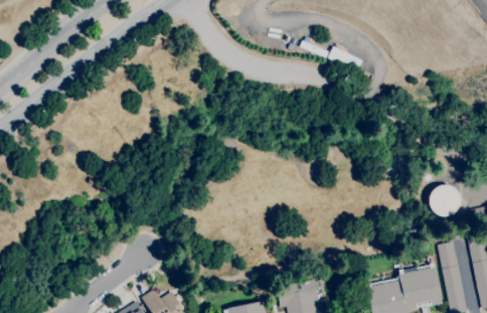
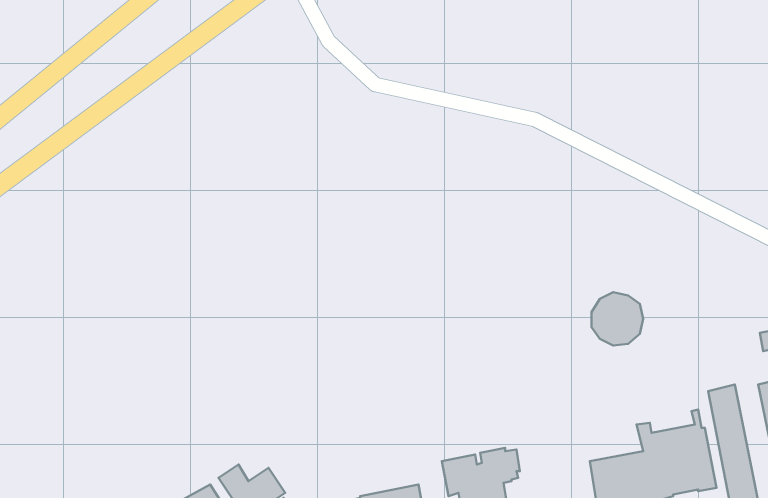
building: [429,184,460,216] -> [592,292,643,346]

